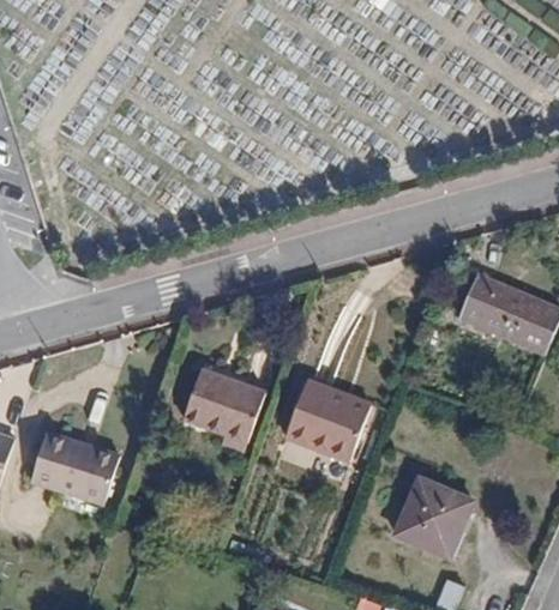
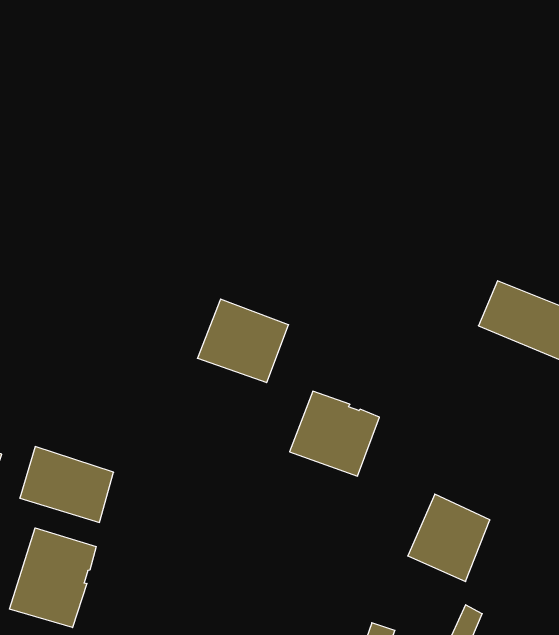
building: [181,368,266,446] -> [197,299,289,383]
building: none -> [9,528,96,628]

